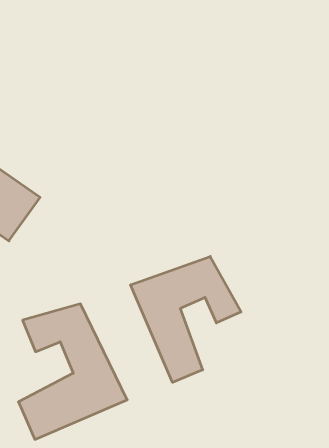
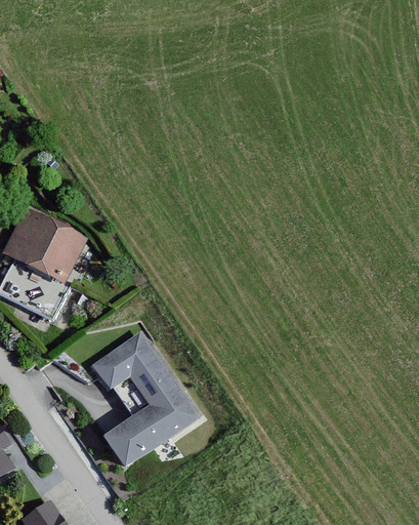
building: [131,256,241,382] -> none

